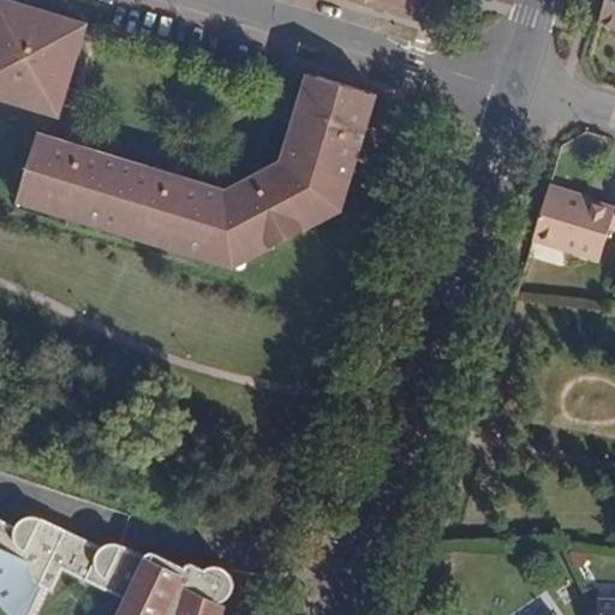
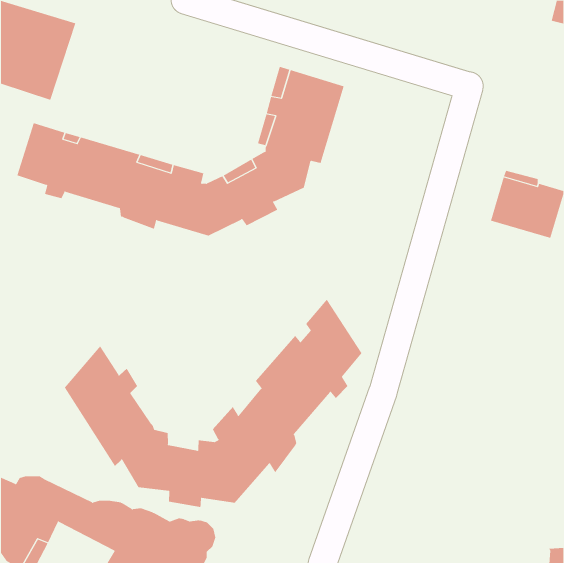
building: none -> [64,299,362,508]

